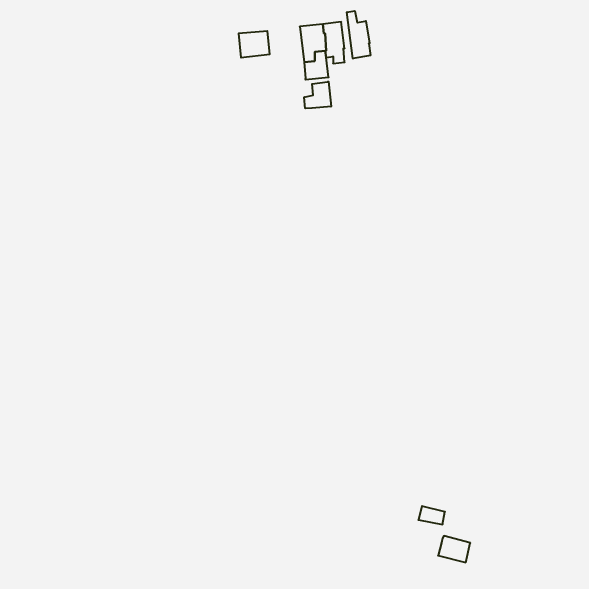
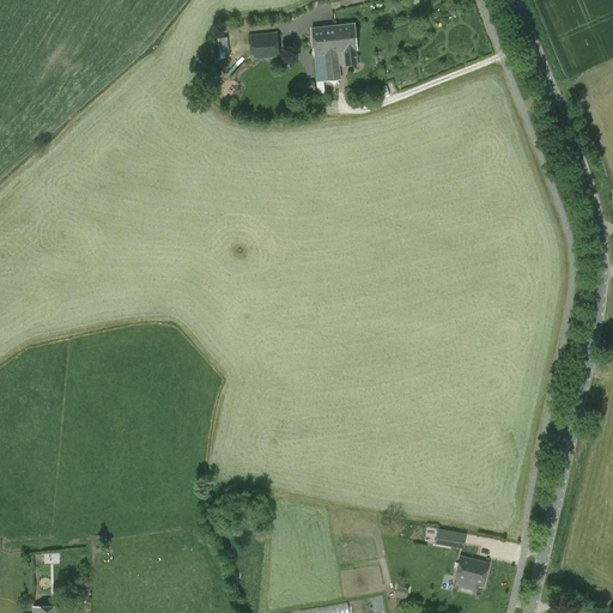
building: [347,11,370,59] -> none
building: [304,82,331,108] -> none

